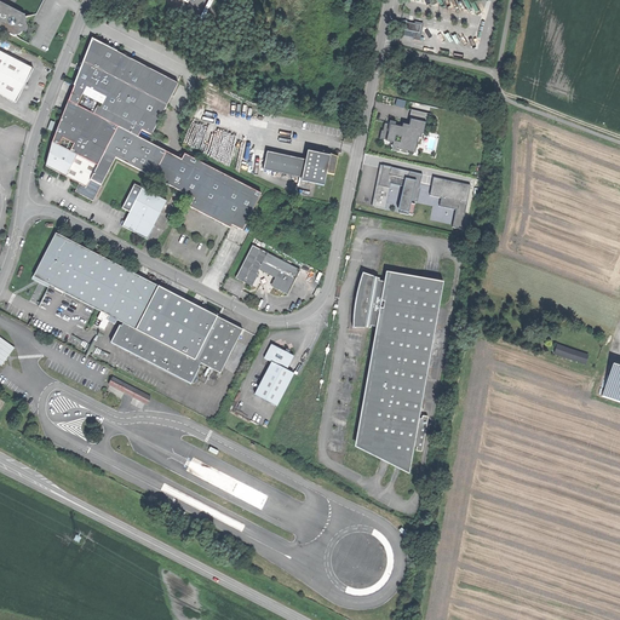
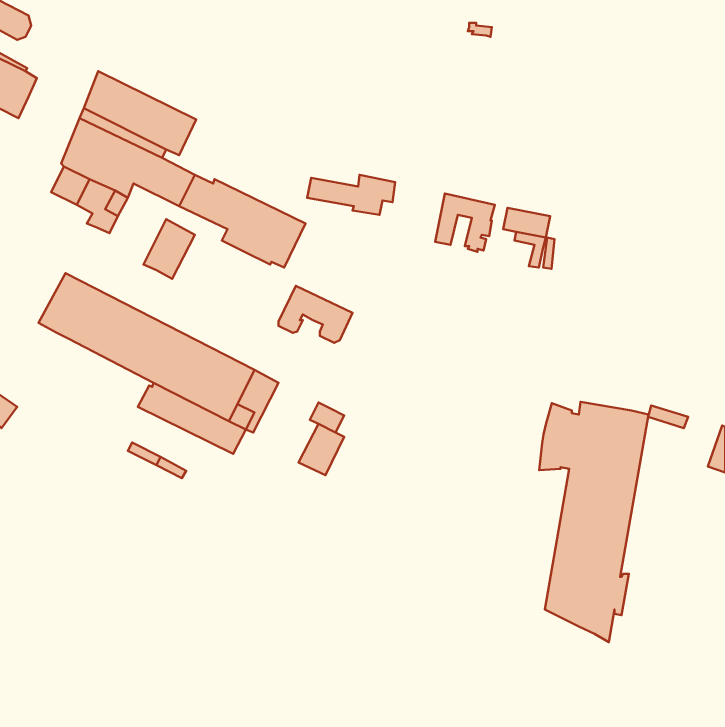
building: [84,38,178,102] -> none
building: [378,109,426,154] -> none
building: [351,271,444,476] -> [539,402,649,642]

